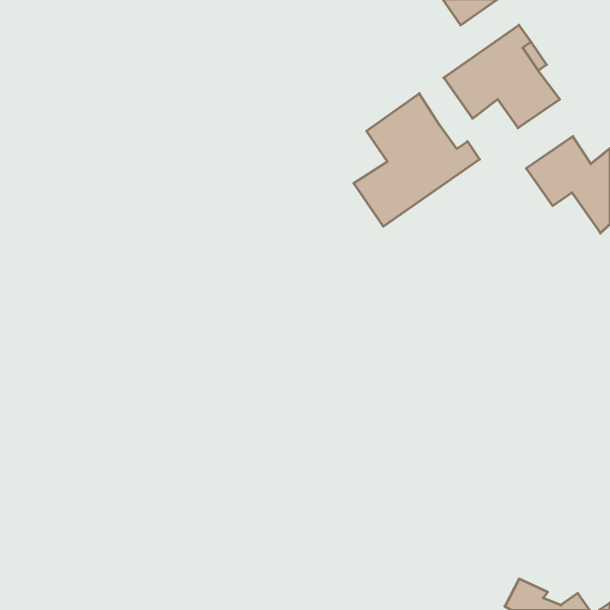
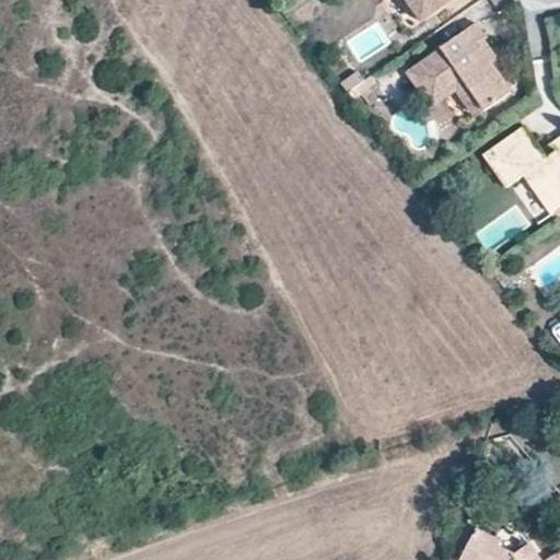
building: [354,93,480,226] -> none

